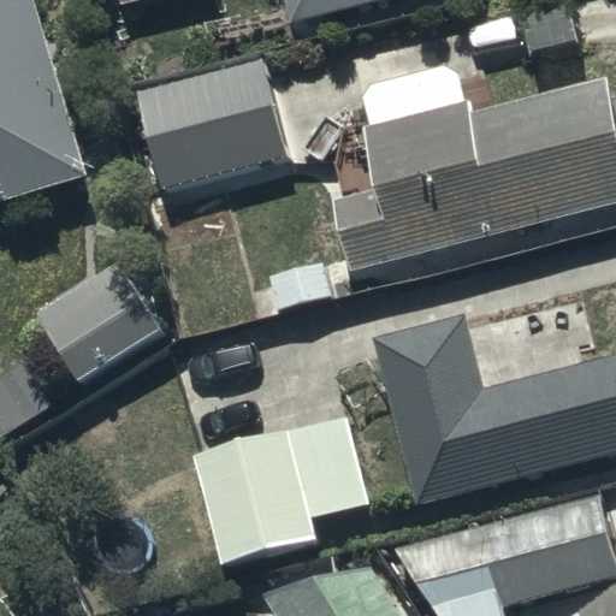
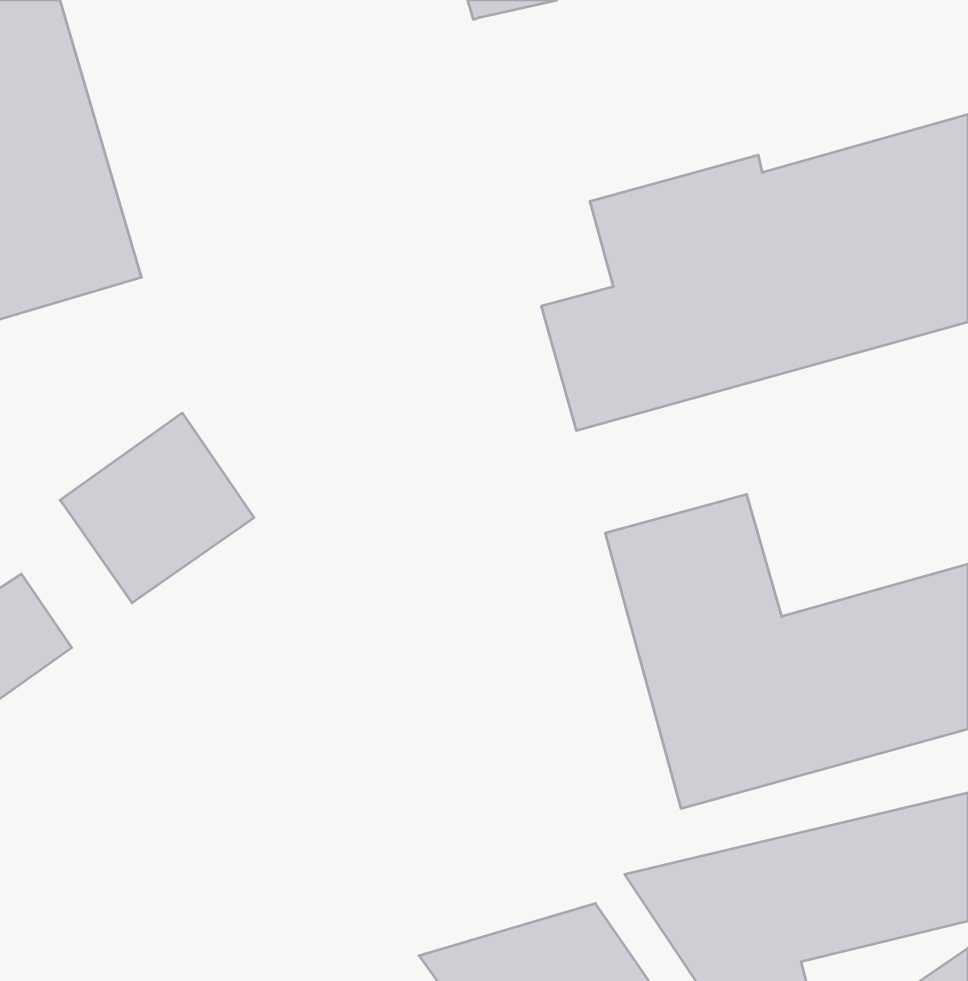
building: [135,57,286,195] -> none
building: [194,417,363,570] -> none

